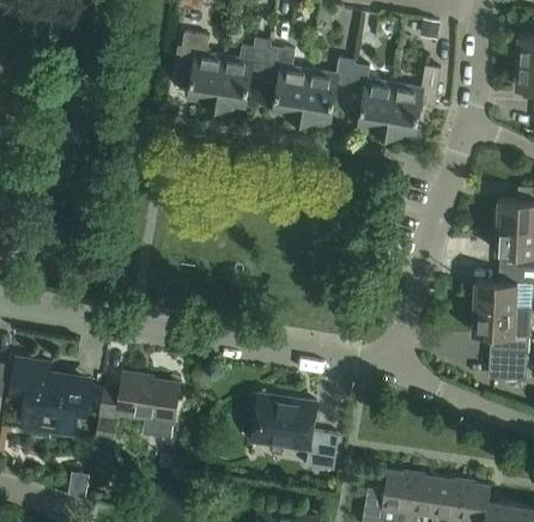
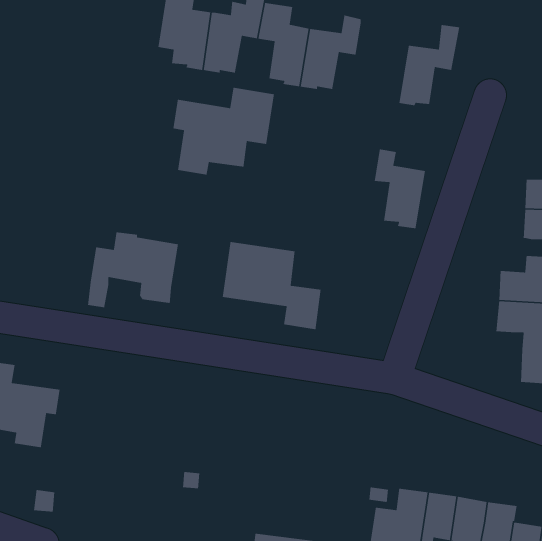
building: [350,63,395,134] -> [374,149,426,229]
building: none -> [173,87,275,175]
building: [98,374,178,441] -> [87,231,179,308]
building: [251,393,339,471] -> [222,241,322,330]

